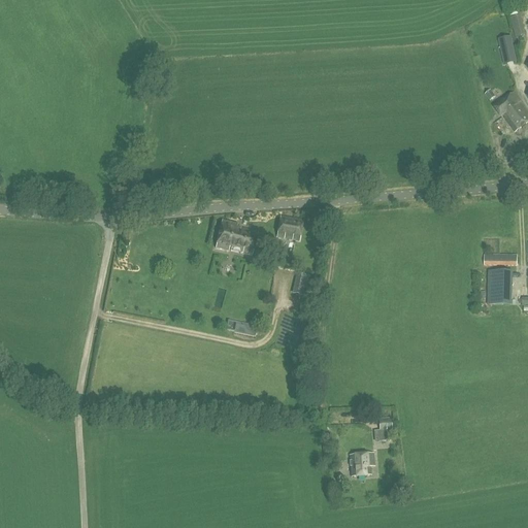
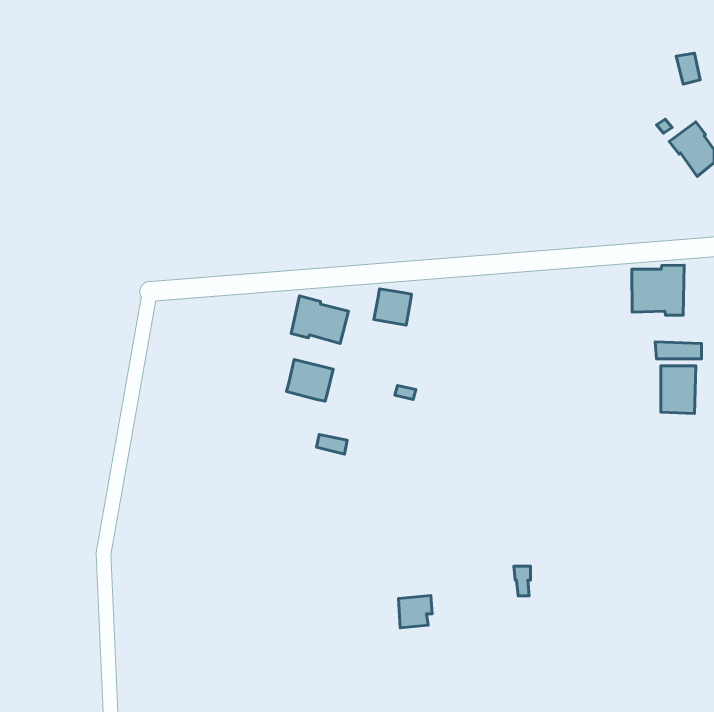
building: none -> [632,265,684,315]
building: none -> [286,359,333,401]
building: [349,451,373,474] -> [399,596,432,628]

